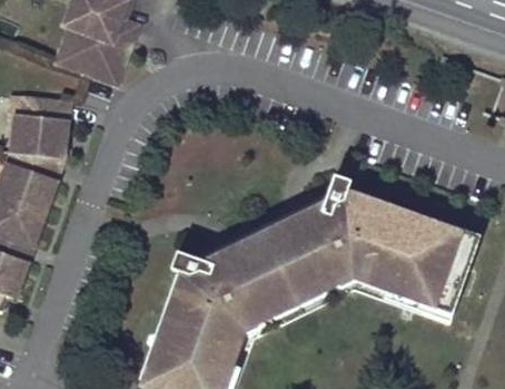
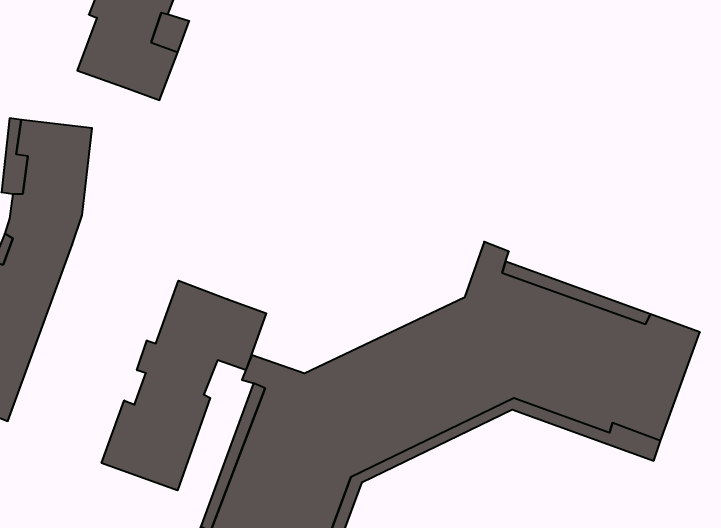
building: none -> [102,281,266,490]

